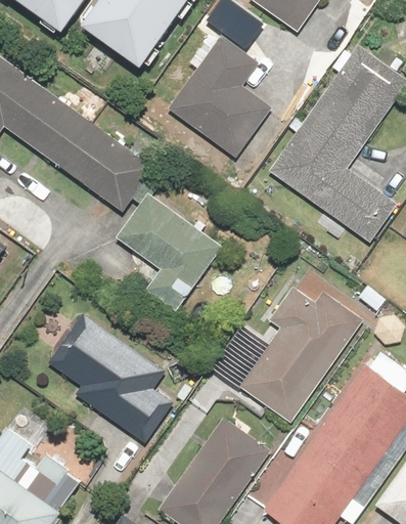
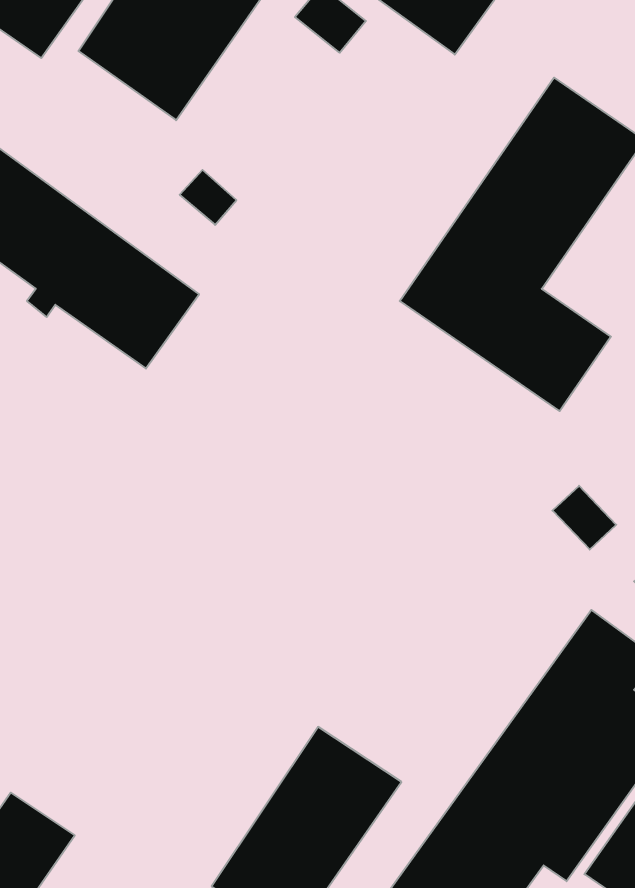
building: [168,35,272,158] -> none
building: [119,194,222,312] -> none
building: [240,289,362,420] -> none
building: [46,312,170,442] -> none

